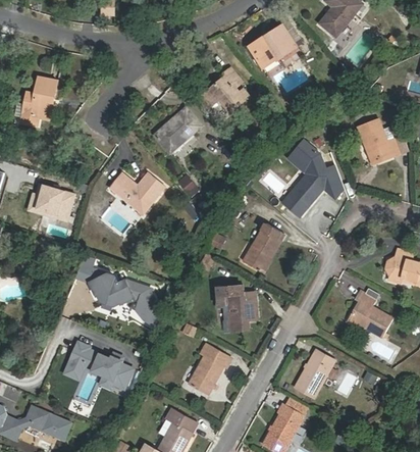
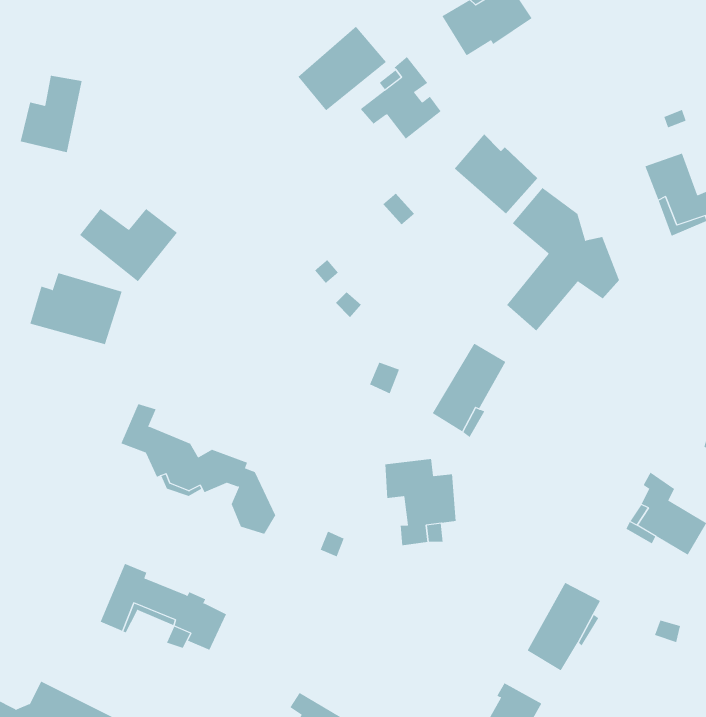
building: [153,107,201,153] -> [297,26,387,111]
building: none -> [454,134,538,214]
building: [110,173,163,213] -> [79,208,178,282]
building: [189,344,230,393] -> none

